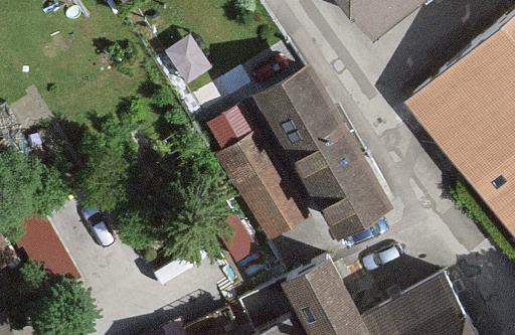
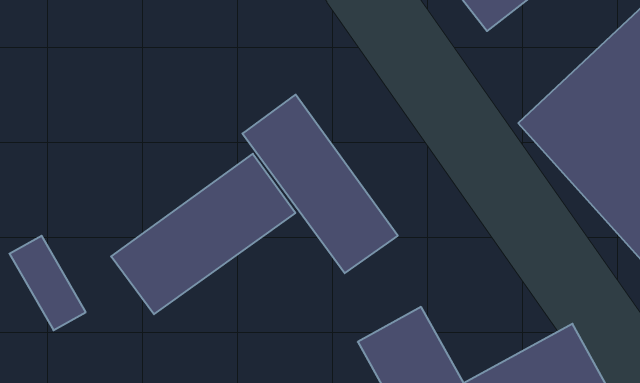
building: [256,67,396,240] -> none
building: none -> [111,154,295,314]

